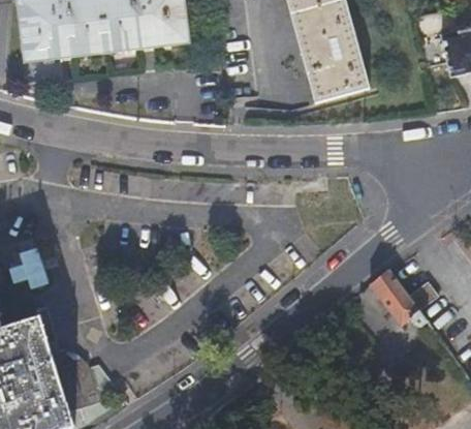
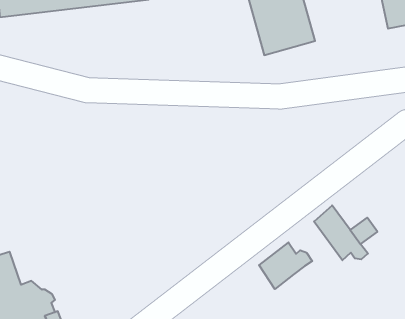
building: none -> [259,242,312,289]

